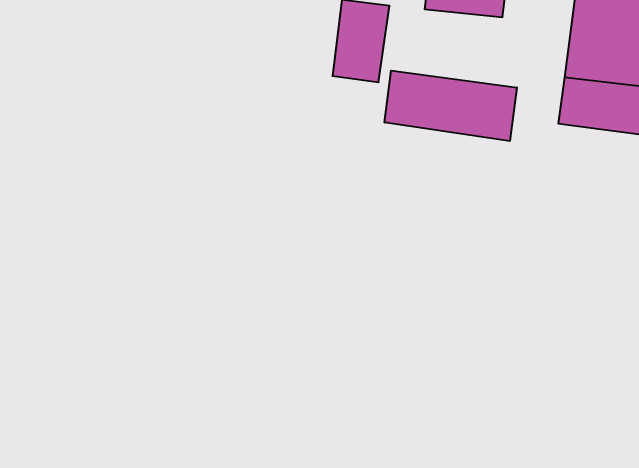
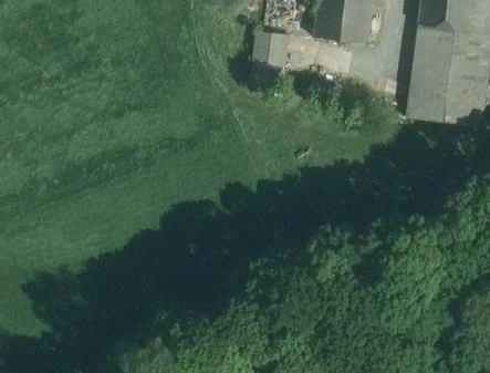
building: [385,71,517,141] -> none

